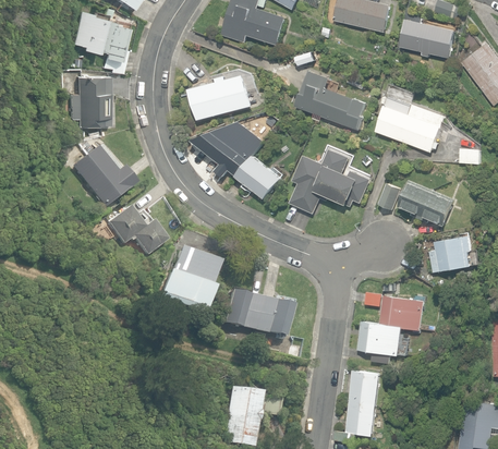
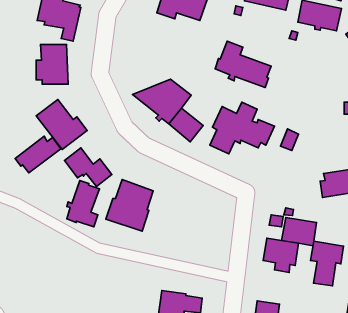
building: [189,71,252,120] -> none
building: [376,94,441,153] -> none
building: [397,179,456,226] -> none
building: none -> [15,136,61,173]
building: none -> [67,180,99,227]
building: [221,290,290,339] -> none
building: none -> [311,241,343,286]
building: [349,368,381,404] -> none

